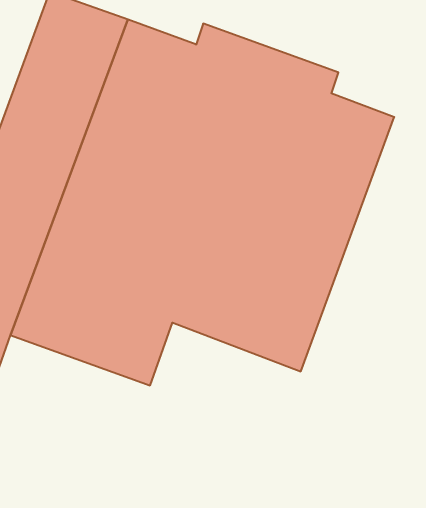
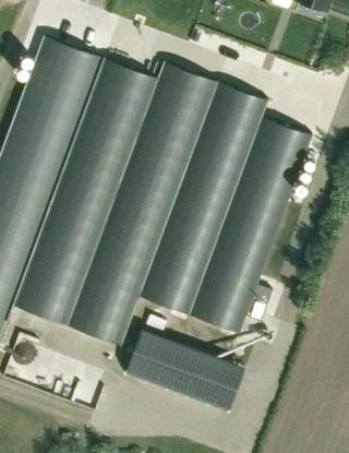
building: none -> [127,331,243,407]

